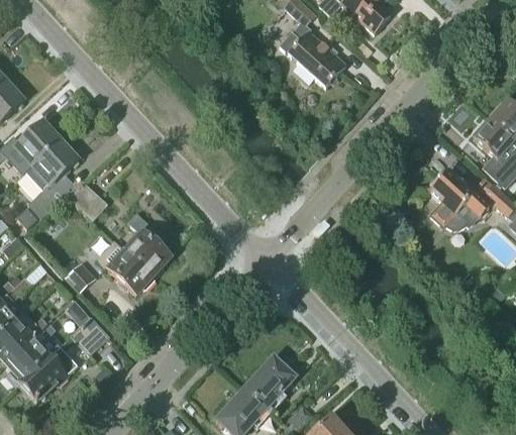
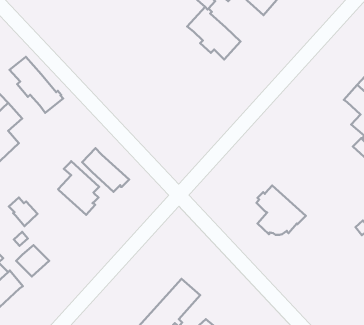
building: none -> [9,57,63,113]
building: [429,168,490,228] -> [257,186,306,235]
building: [69,181,108,220] -> none
building: [98,239,156,293] -> [82,148,129,192]

